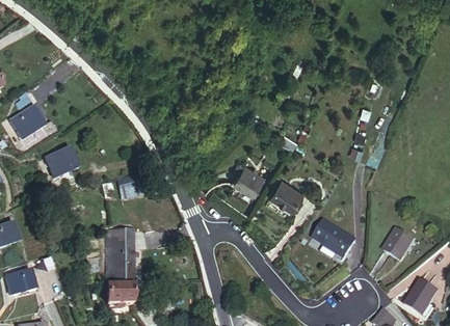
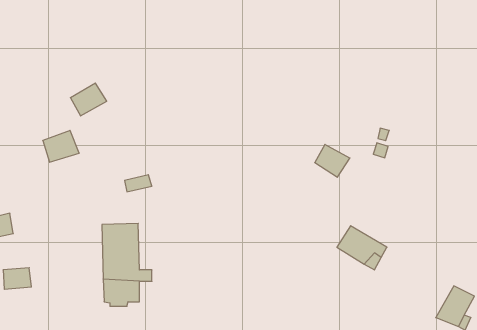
building: [12,103,46,133] -> [70,83,107,116]
building: [234,170,264,200] -> none
building: [274,186,307,216] -> [315,144,350,177]
building: [383,229,416,260] -> none

